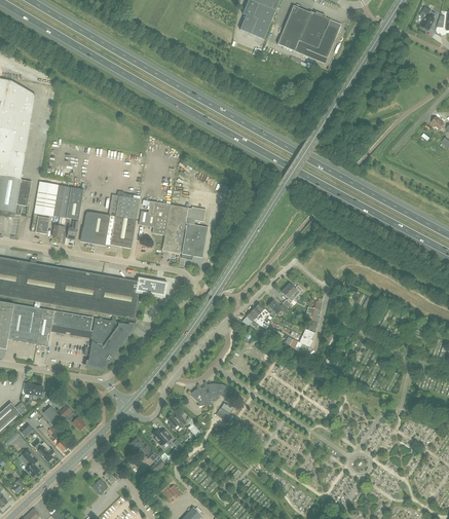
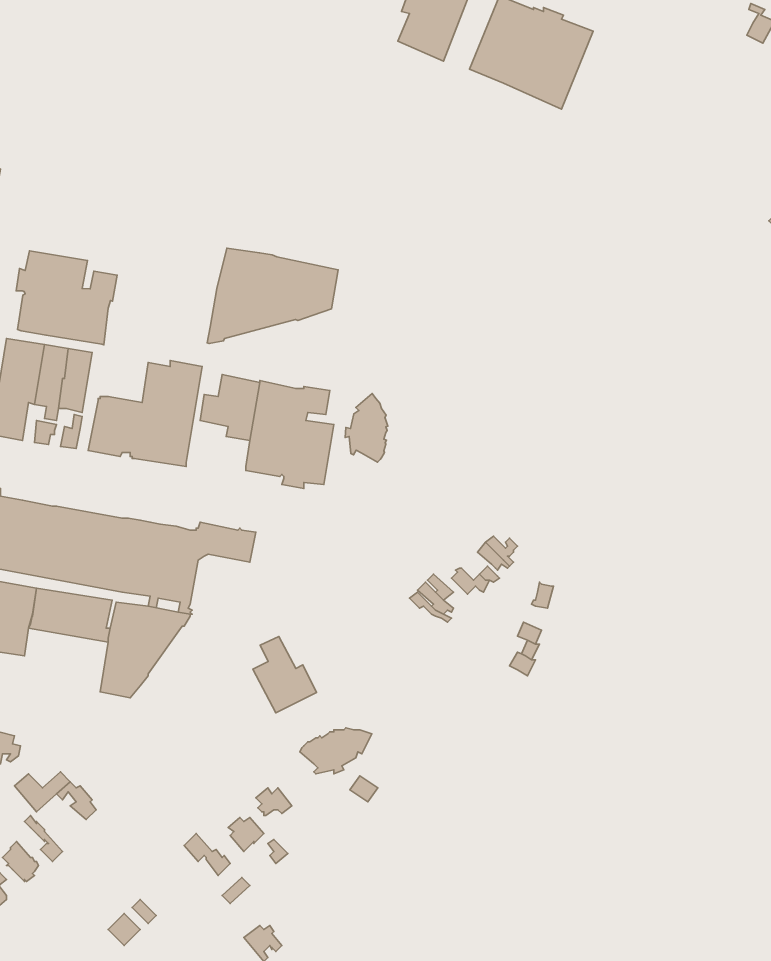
building: none -> [207,248,338,344]
building: none -> [16,251,117,345]
building: none -> [345,394,388,462]
building: none -> [253,637,316,713]

